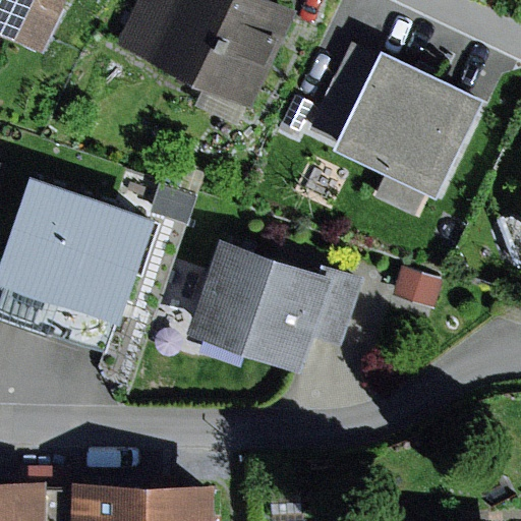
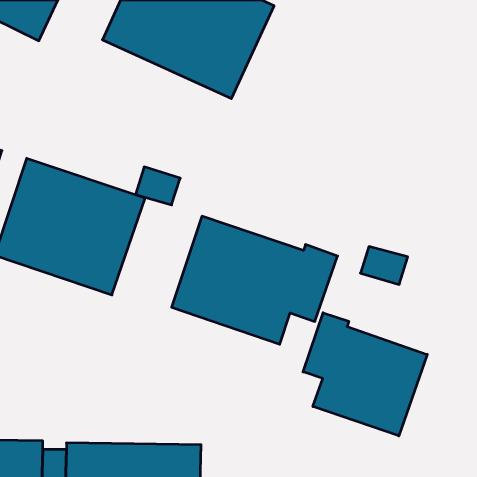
building: [304,47,485,198] -> none
building: none -> [303,313,427,436]

